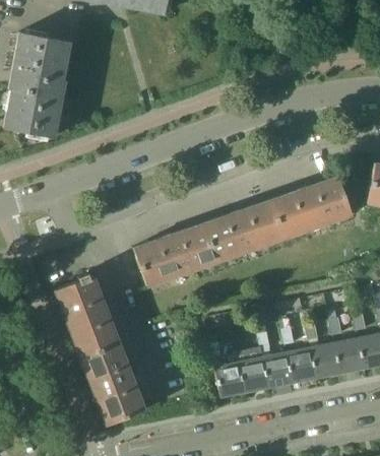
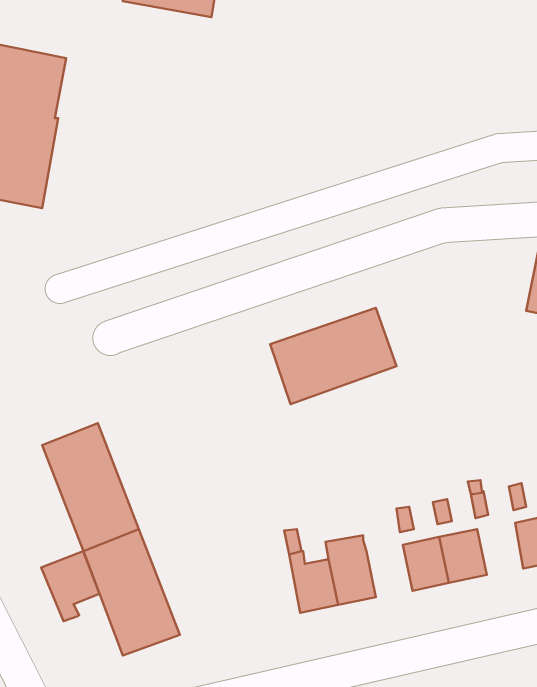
building: [270,176,352,238] -> none
building: [134,223,215,285] -> none
building: [258,325,294,386] -> none
building: [335,338,365,372] -> none
building: none -> [41,551,100,621]

